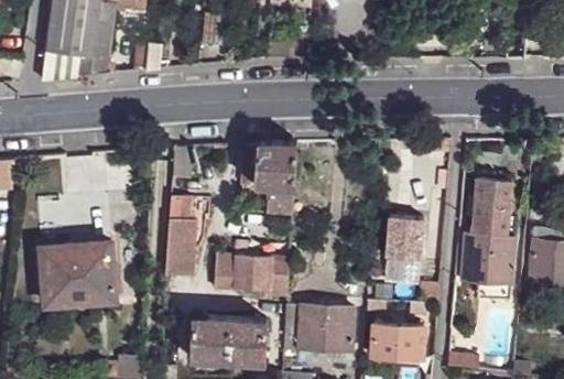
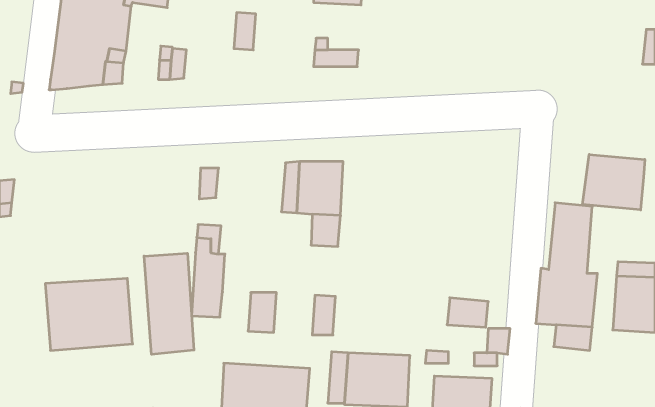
building: none -> [582,154,645,210]
building: [387,217,422,261] -> none
building: none -> [144,253,194,354]
building: [236,253,271,290] -> none

